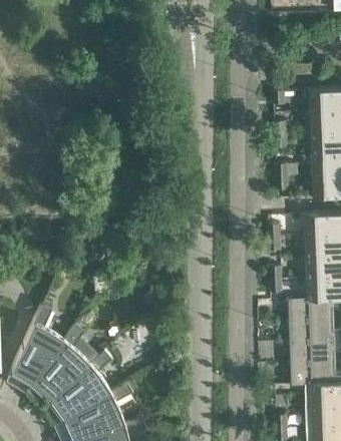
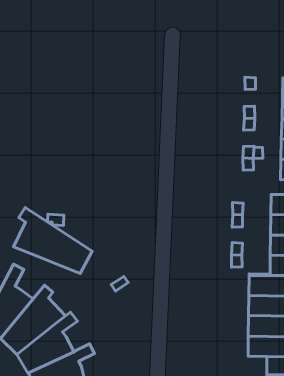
building: none -> [13,207,92,273]

